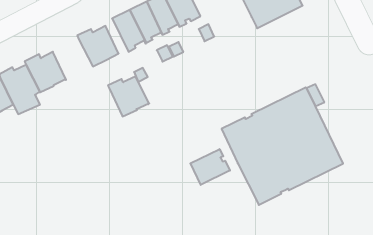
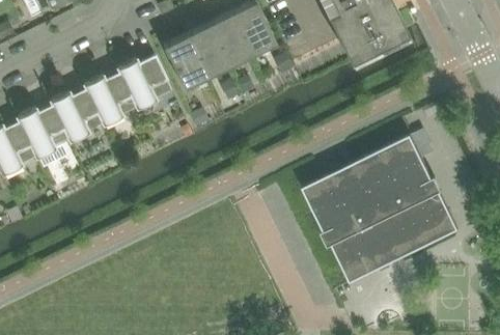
building: [108,77,149,116] -> [84,74,137,124]
building: [190,149,230,185] -> none

